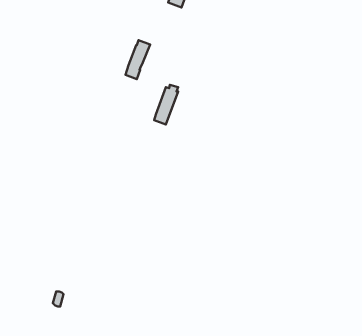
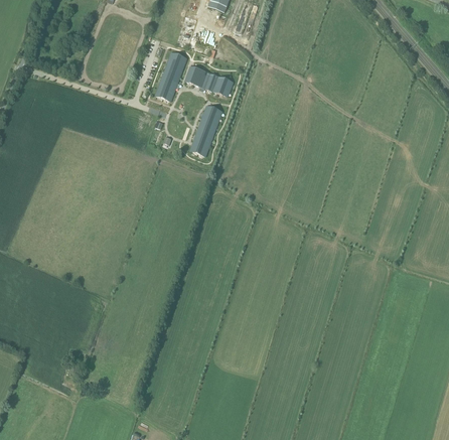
building: none -> [185,66,232,96]

